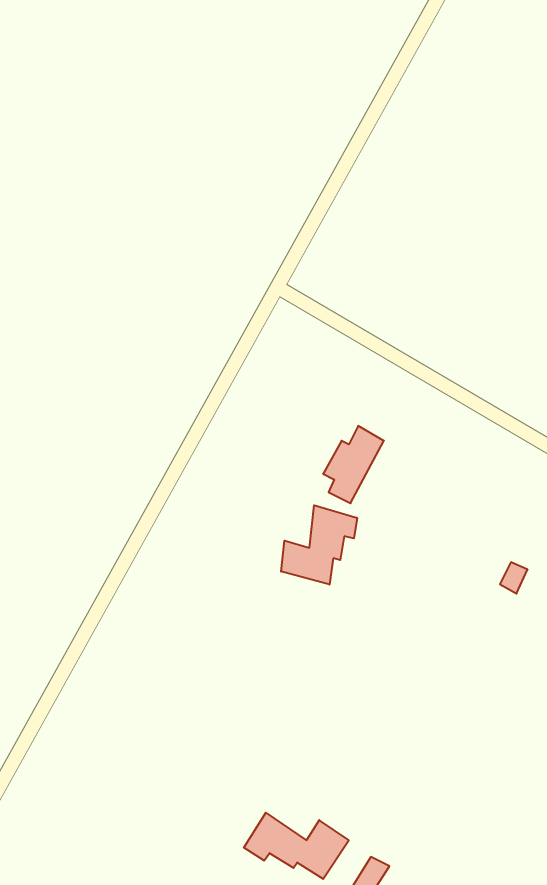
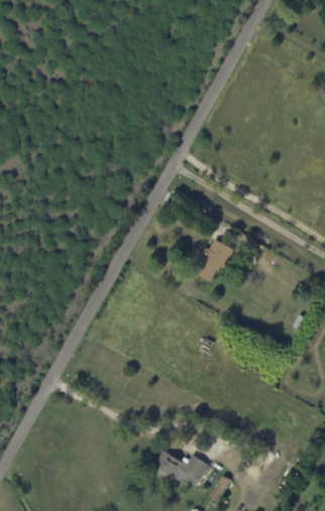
building: [281,505,357,585] -> none

